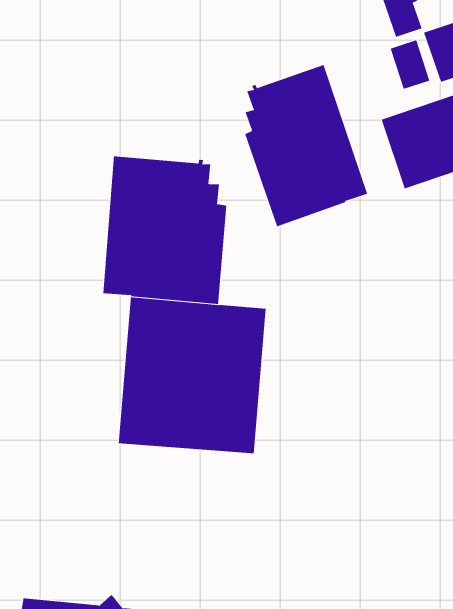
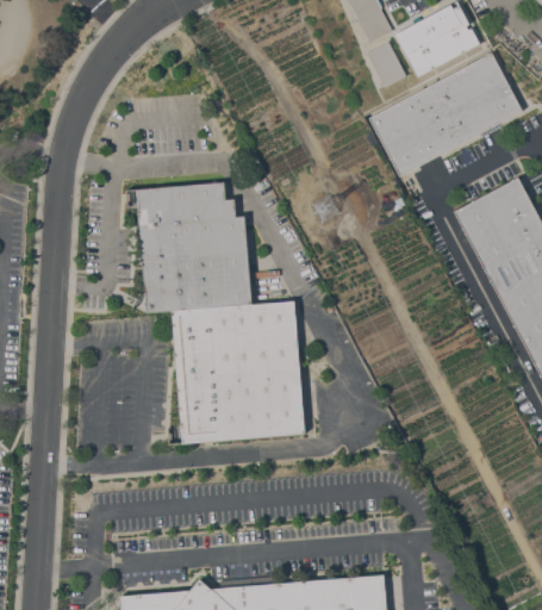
building: [244,64,368,227] -> none

